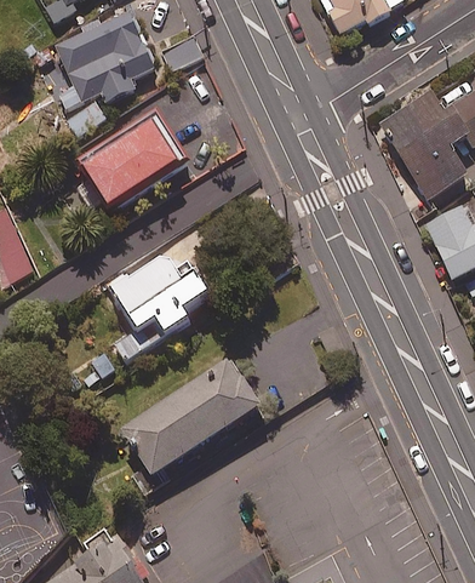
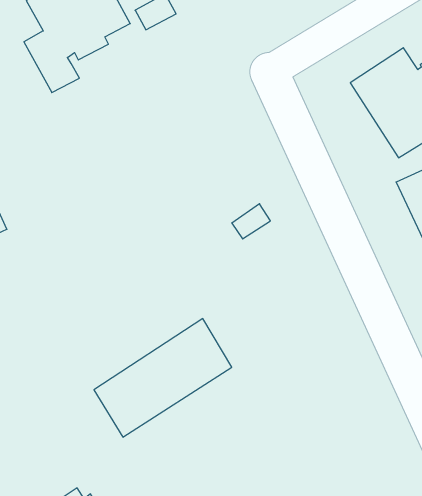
building: [75,108,188,212] -> none
building: [109,262,210,365] -> none

